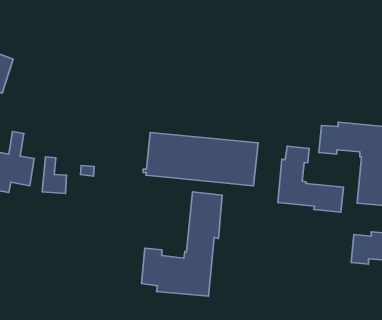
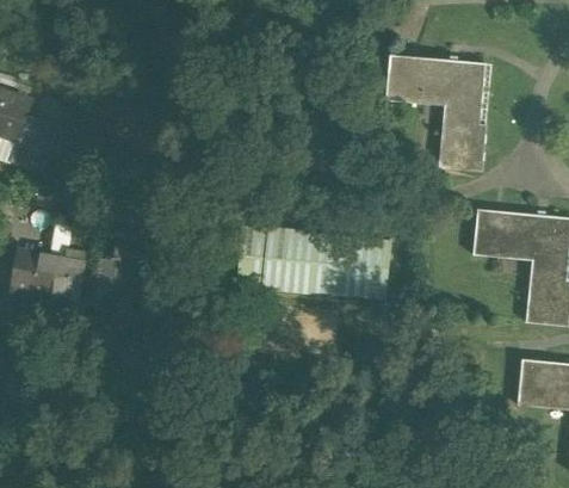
building: none -> [385,56,485,169]
building: [278,146,344,212] -> none
building: [141,192,222,296] -> none

